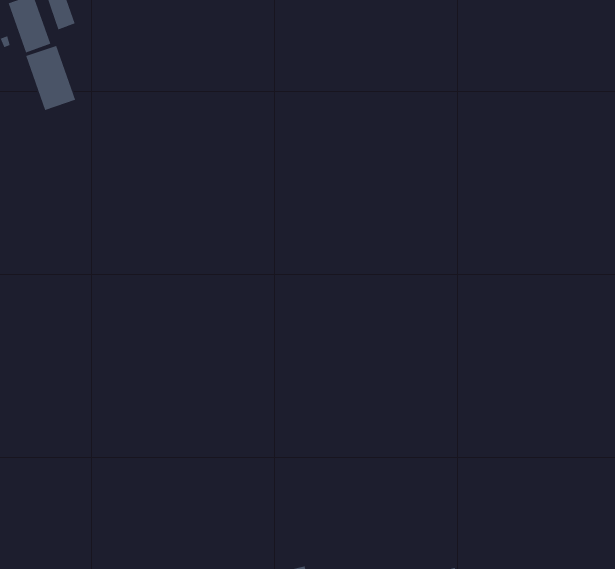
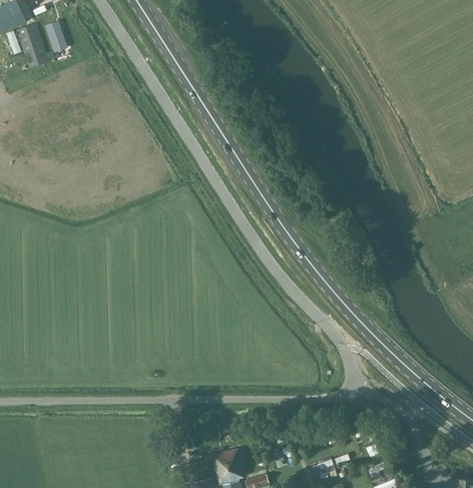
building: [25,45,76,111] -> none

